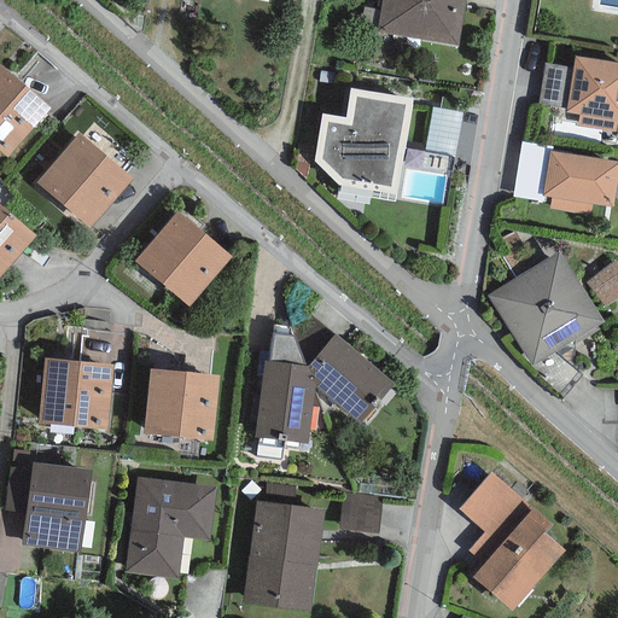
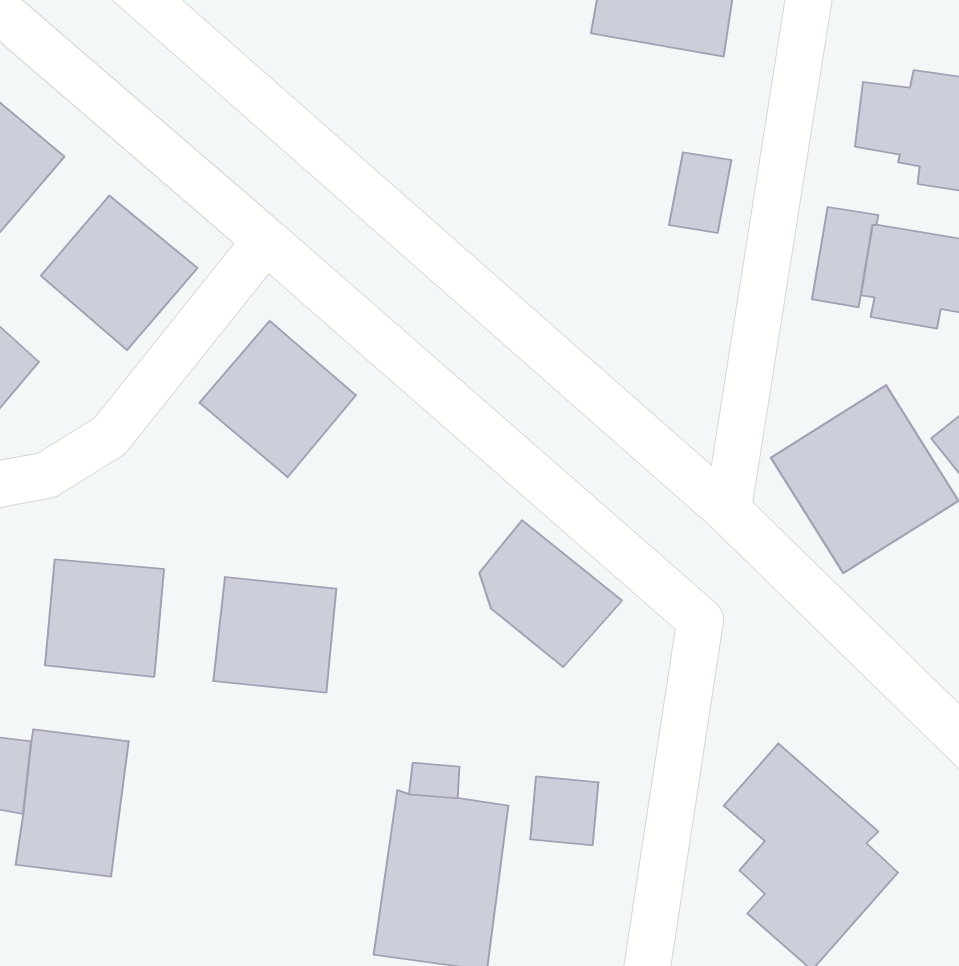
building: [315,88,413,194] -> none
building: [255,323,315,444] -> none
building: [126,477,216,578] -> none

